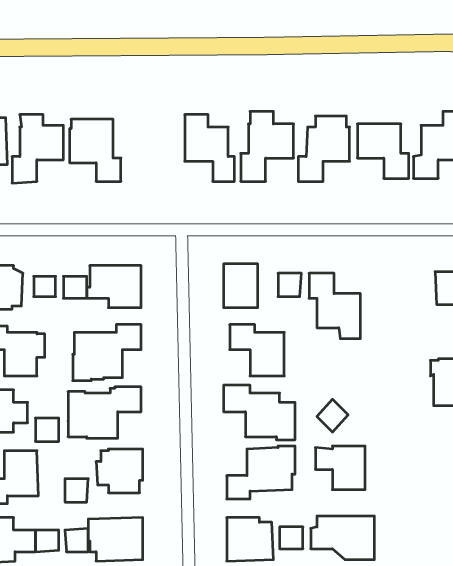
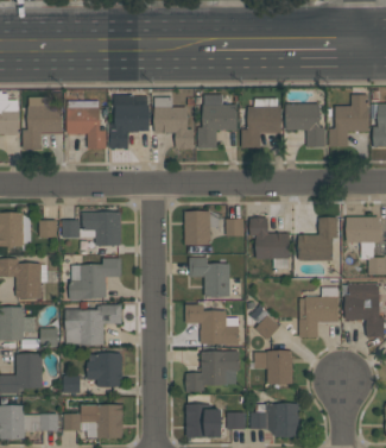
building: none -> [109,95,150,151]
building: none -> [298,217,337,260]
building: none -> [299,288,338,337]

